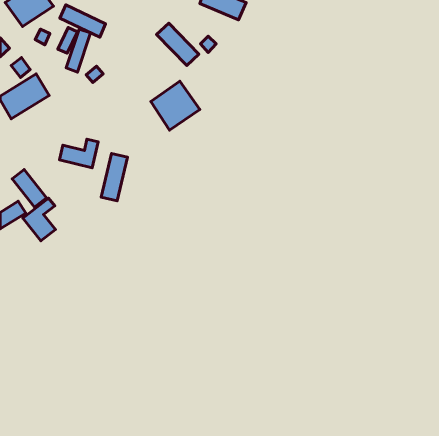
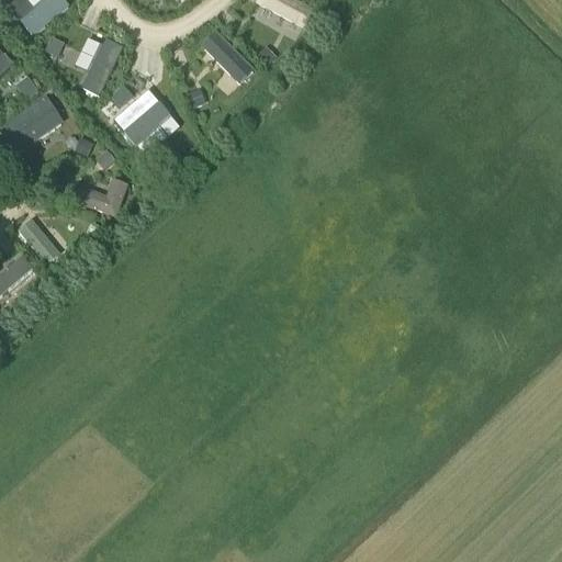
building: [60,5,106,37] -> none
building: [151,81,200,130] -> [114,88,177,150]
building: [101,154,127,201] -> none
building: [23,198,56,241] -> none

